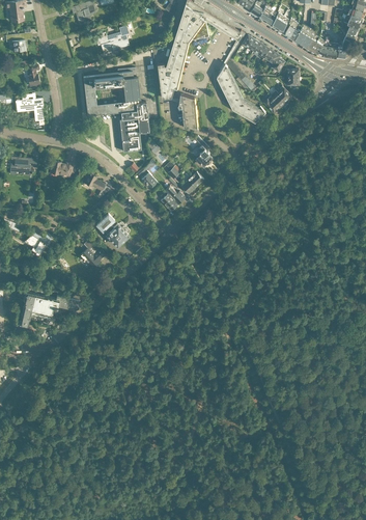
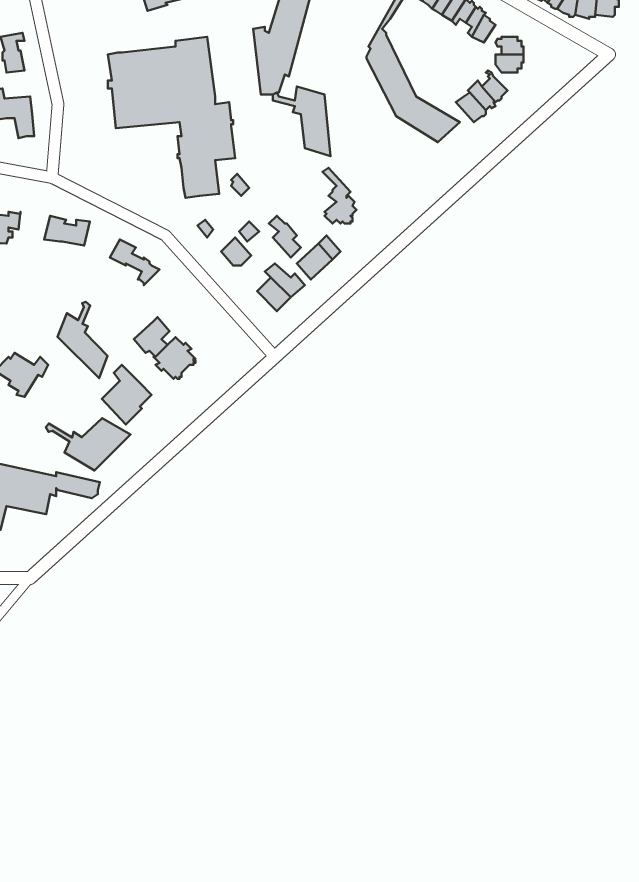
building: none -> [58,302,107,378]
building: none -> [46,418,131,470]

